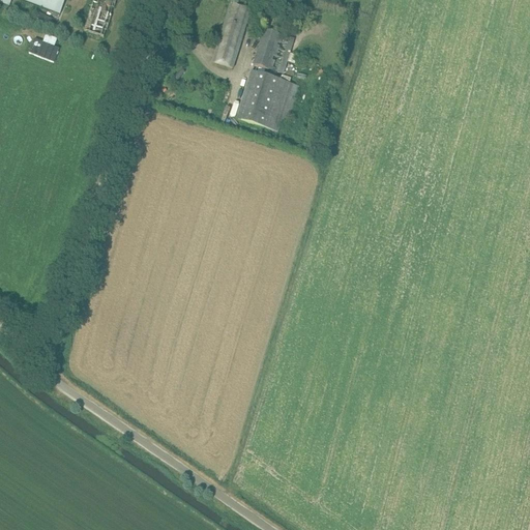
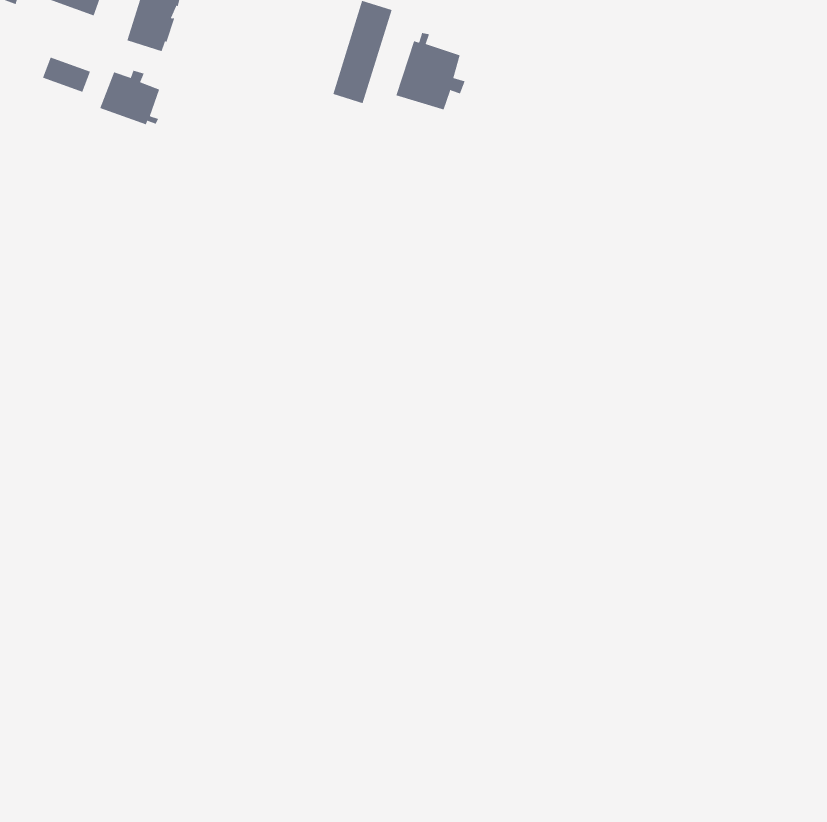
building: none -> [100,70,160,125]
building: [237,68,293,129] -> none

